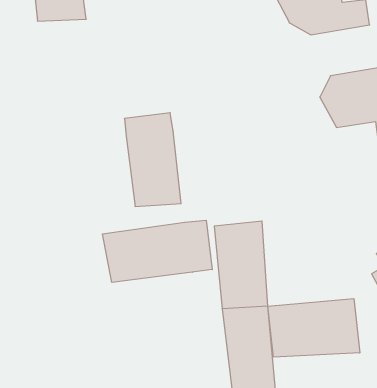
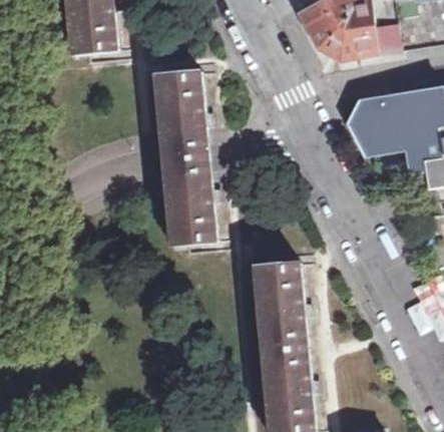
building: none -> [151,65,205,148]
building: [103,220,212,282] -> none
building: [268,299,360,357] -> none

